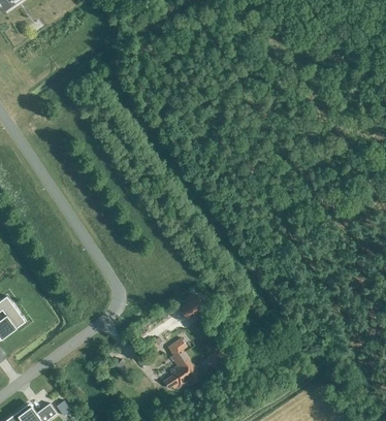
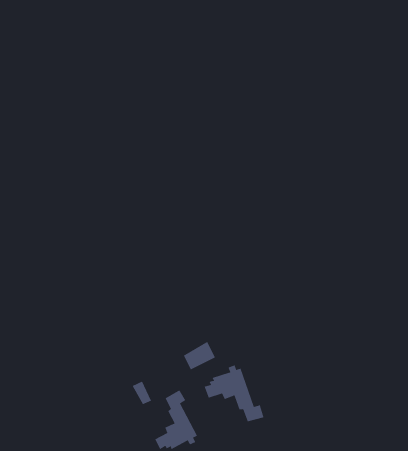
building: none -> [204,365,264,422]

